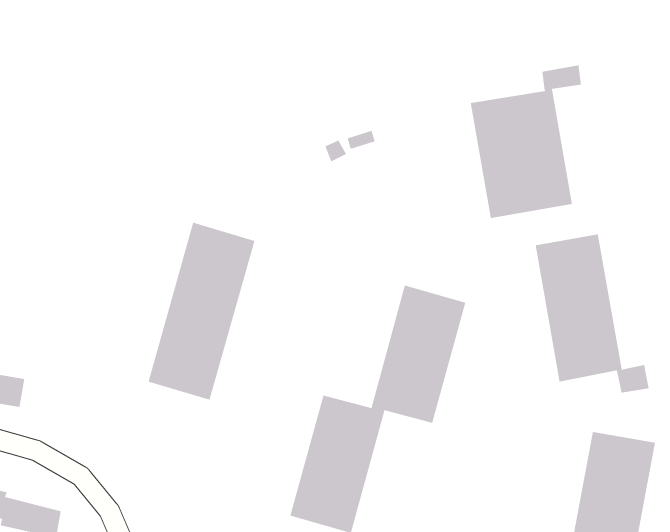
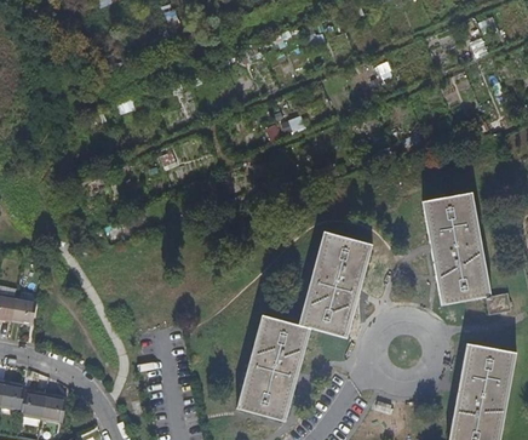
building: [470,65,582,219] -> none
building: [148,222,255,401] -> none

